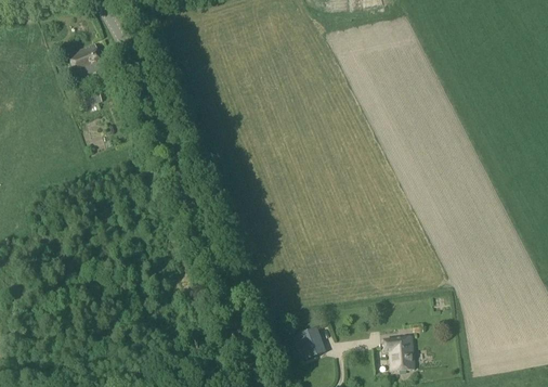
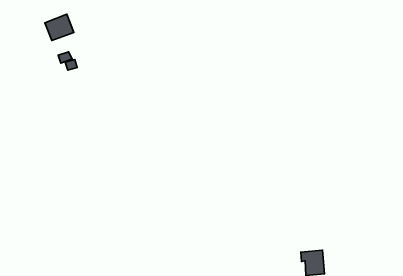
building: [299,325,329,359] -> none

